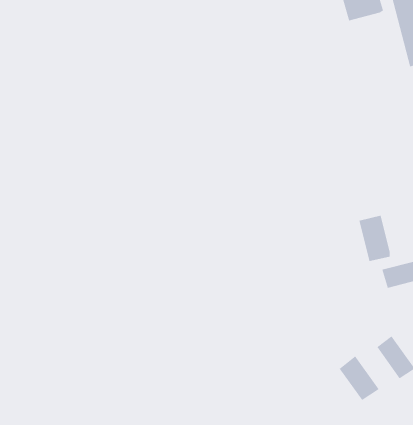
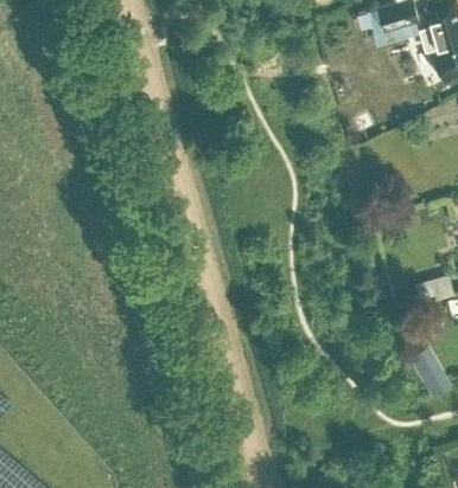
building: [359,215,390,262] -> none
building: [339,356,380,401] -> none

